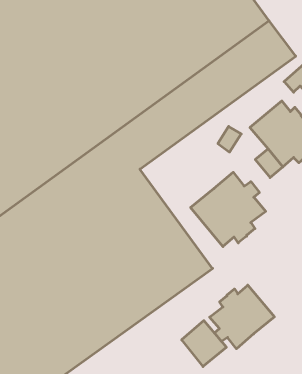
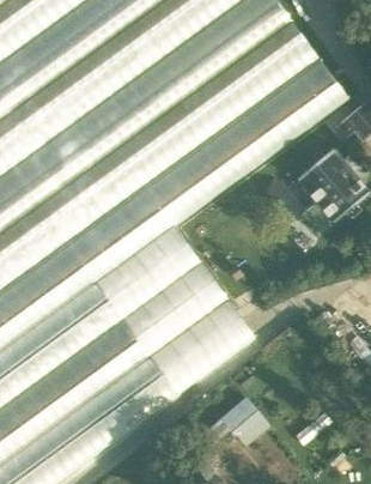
building: [191,172,266,247] -> none
building: [210,285,274,349] -> none

